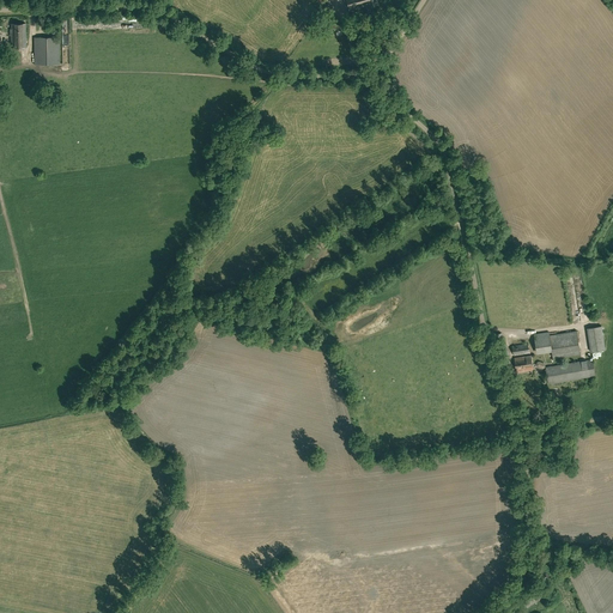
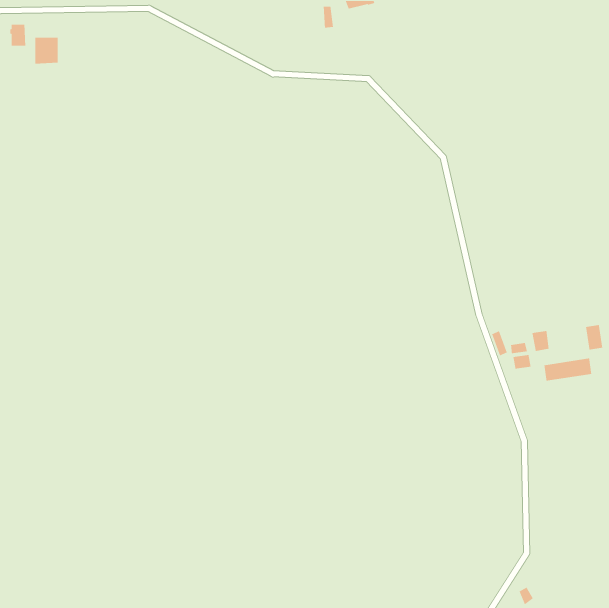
building: [550,332,581,359] -> none

